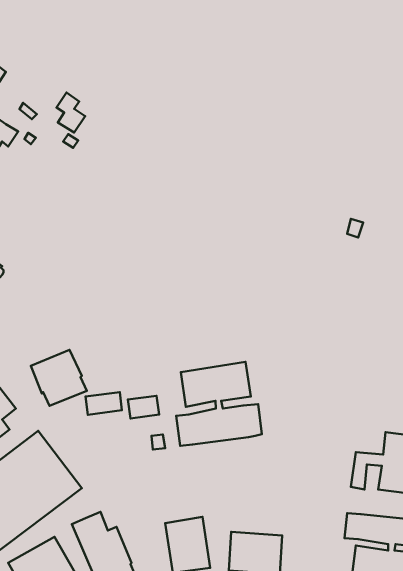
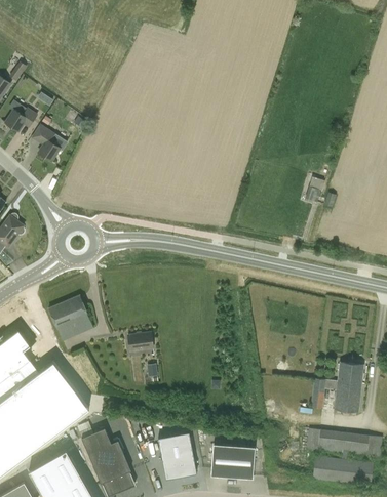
building: [57,93,85,133] -> [37,129,61,162]
building: [176,362,262,446] -> none
building: [85,392,122,415] -> none

